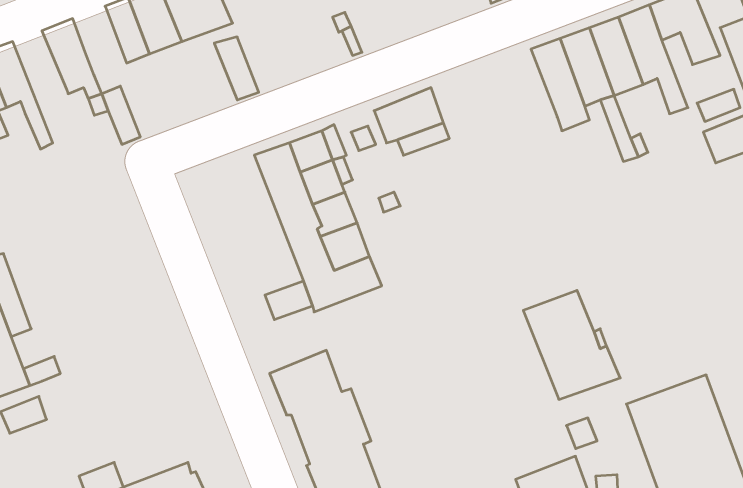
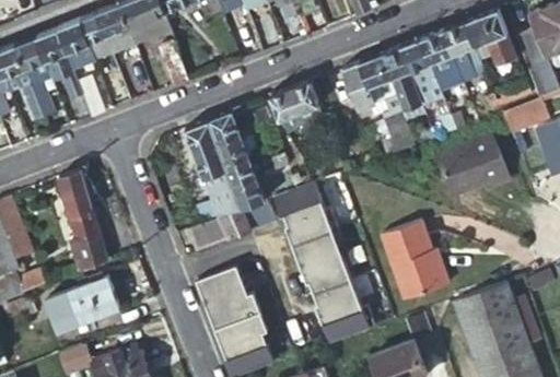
building: none -> [56,21,94,70]
building: none -> [13,38,52,118]
building: none -> [343,51,417,149]
building: none -> [438,132,512,196]
building: none -> [60,167,110,269]
building: none -> [276,181,373,342]
building: none -> [47,278,120,330]

